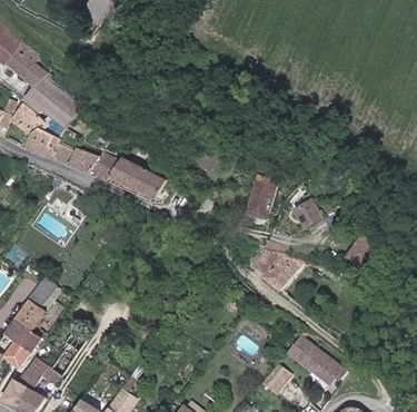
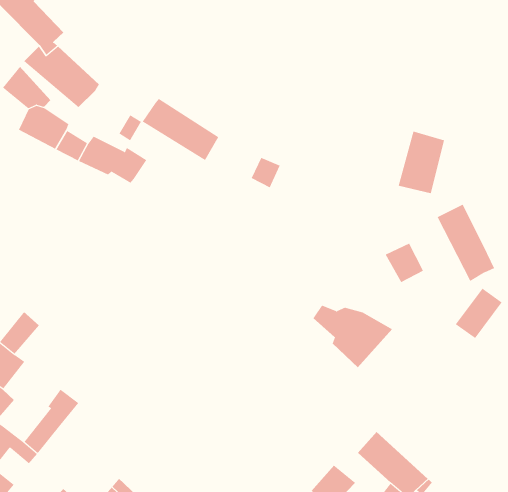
building: [110,157,166,198] -> [142,98,219,161]
building: none -> [437,204,495,282]
building: [246,175,276,218] -> [398,131,445,194]

